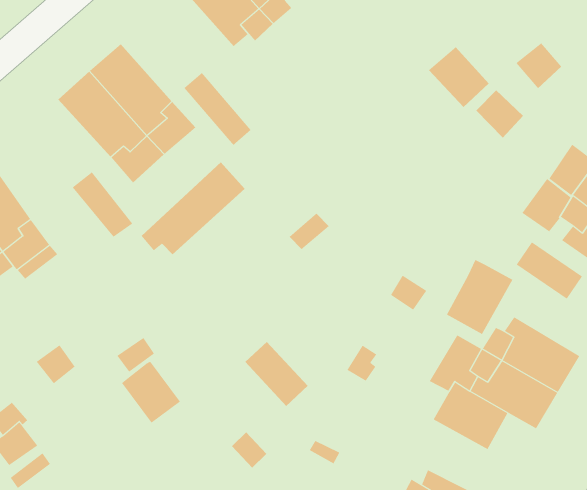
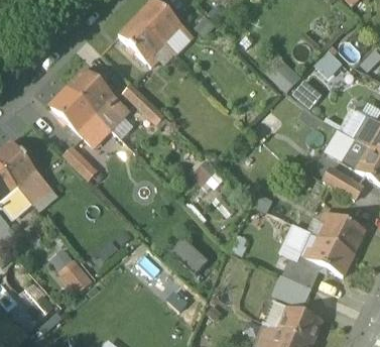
building: [141,162,246,255] -> none
building: [446,259,513,335] -> none
building: [121,361,181,424] -> [58,257,94,294]
building: none -> [274,273,315,307]

